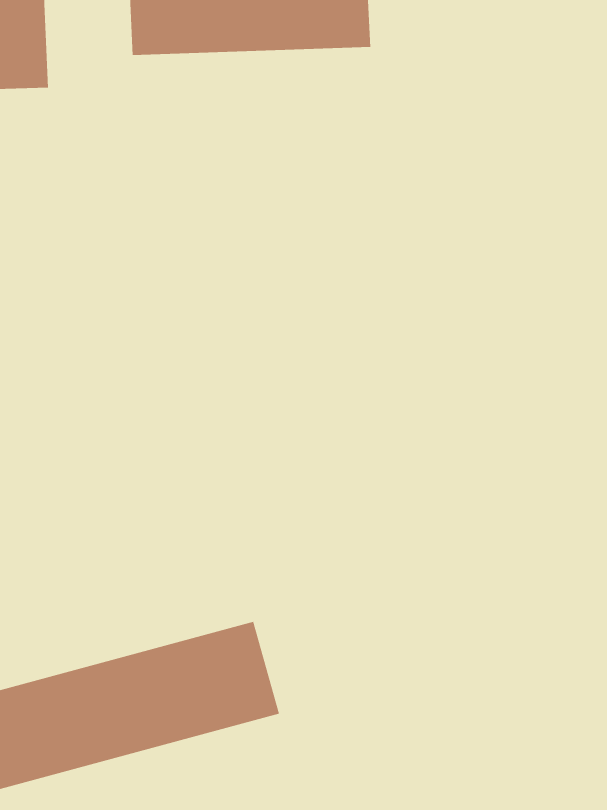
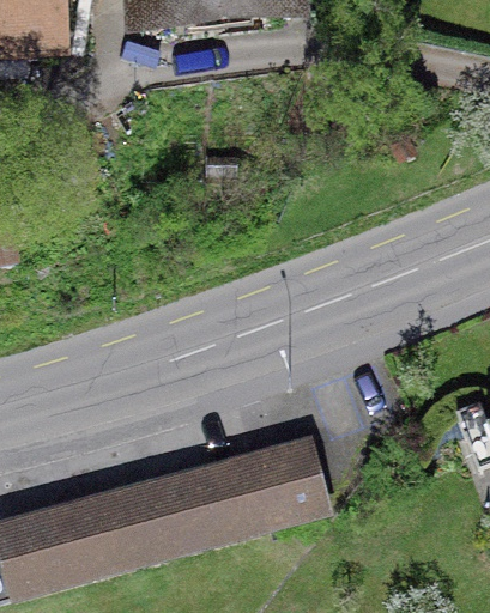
building: none -> [223,436,329,528]

